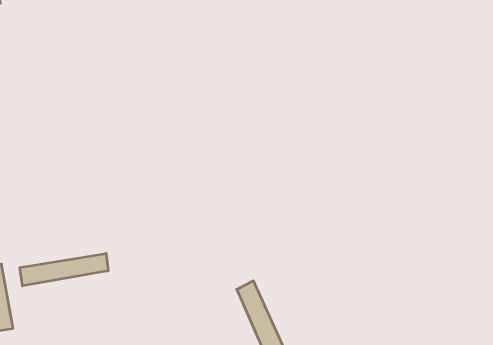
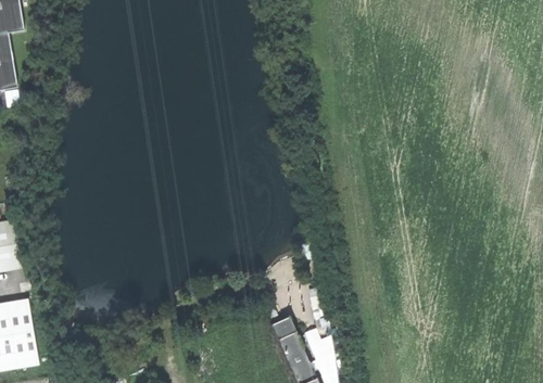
building: [20,253,108,286] -> none

